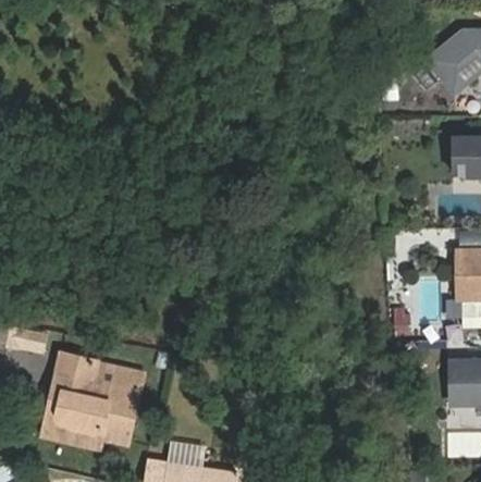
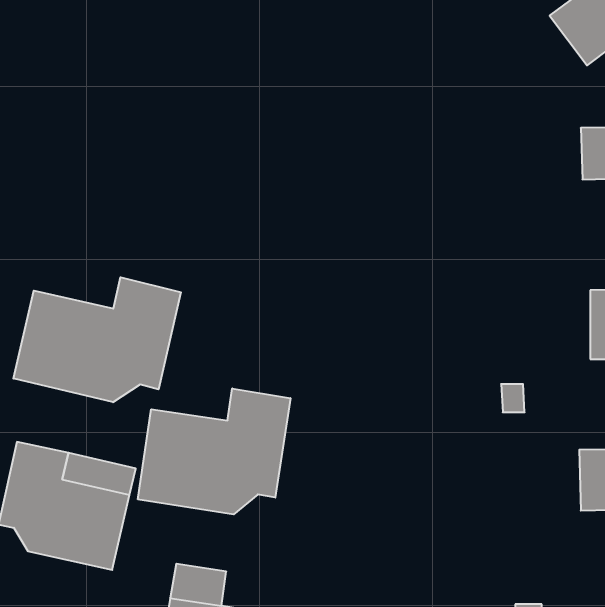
building: none -> [13,277,181,402]
building: none -> [138,388,290,514]

